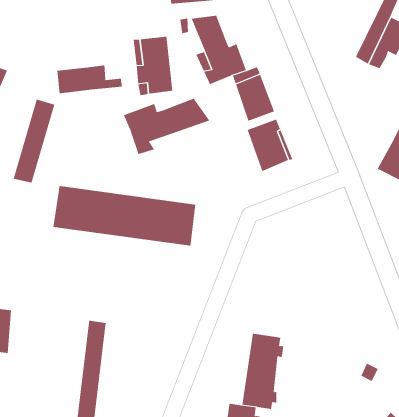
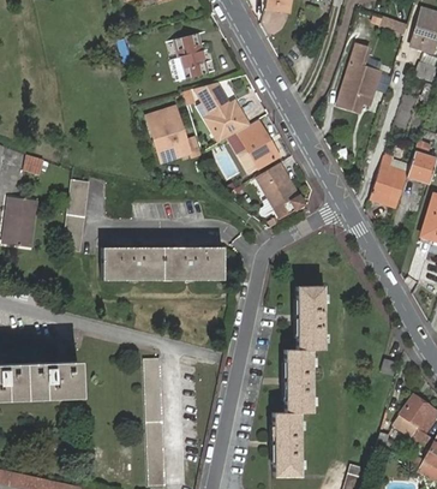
building: [57,64,122,94] -> none
building: [123,98,210,155] -> none
building: none -> [295,287,325,350]

